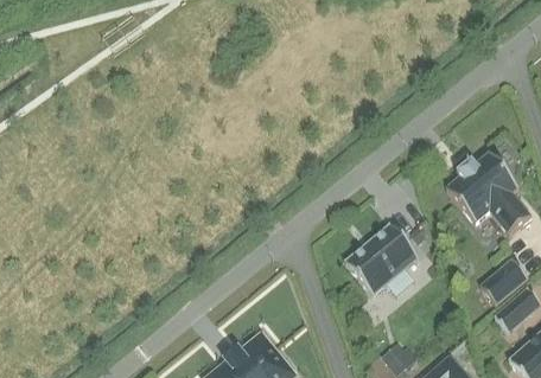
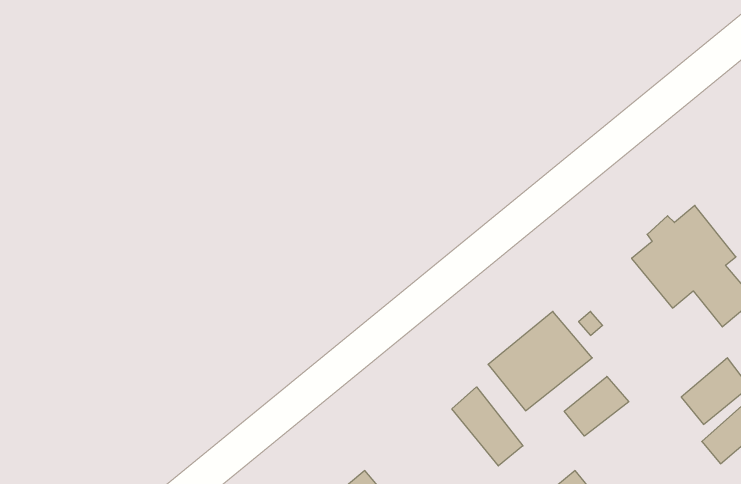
building: none -> [564,376,629,436]
building: none -> [452,387,523,466]

